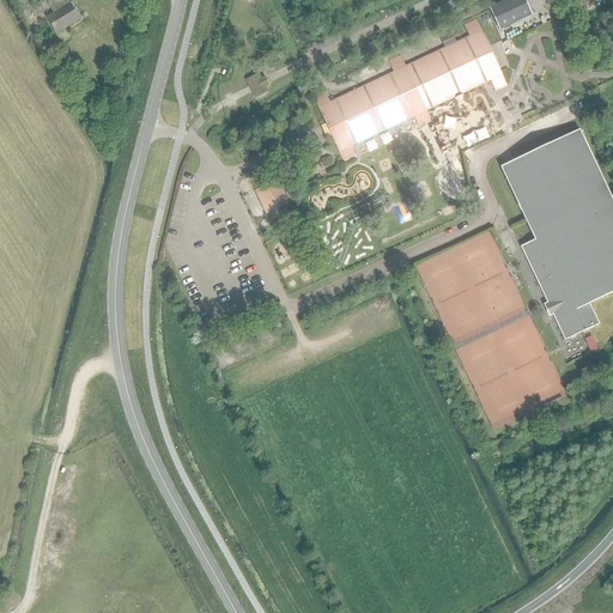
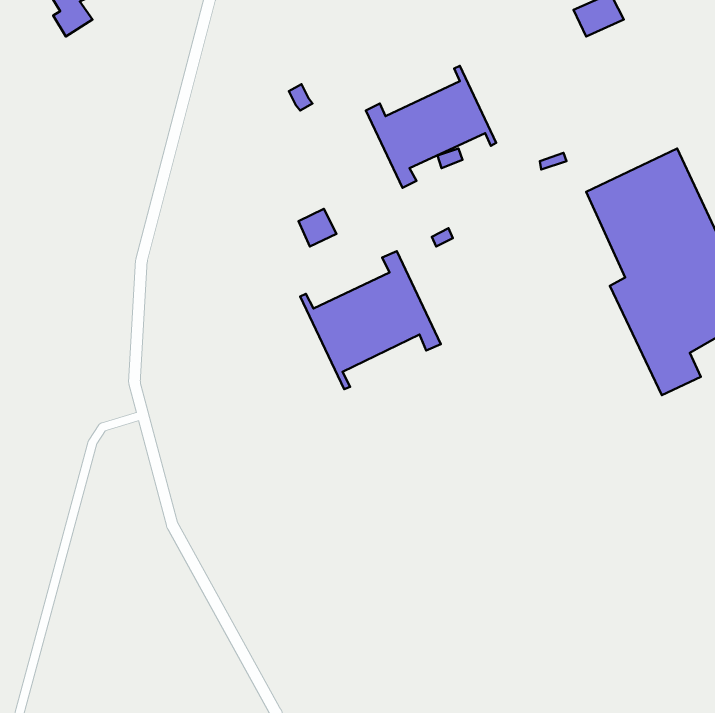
building: [394,17,508,122] -> none
building: none -> [300,251,441,389]

